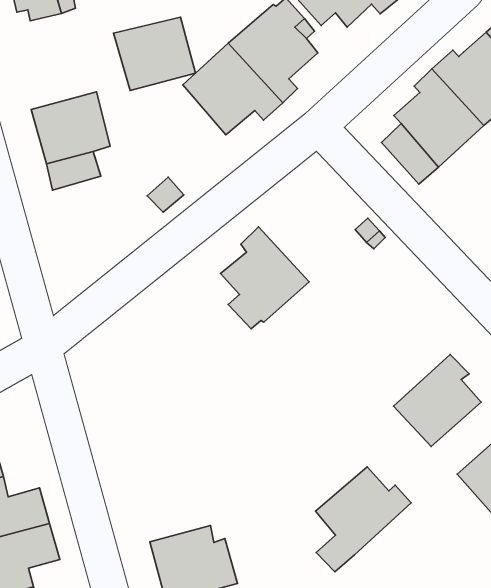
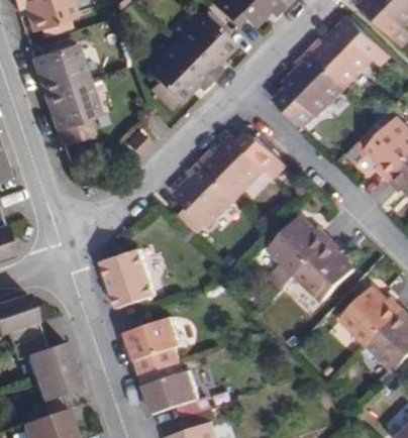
building: [114,17,196,91] -> [32,42,88,93]
building: none -> [200,136,265,196]
building: none -> [102,247,157,307]
building: none -> [126,317,182,373]
building: [316,467,411,572] -> [269,216,331,287]

